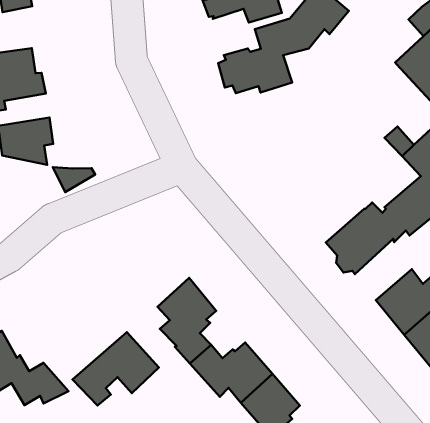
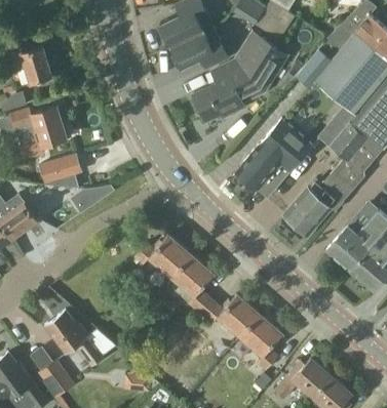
building: none -> [296,48,333,89]
building: none -> [236,120,312,192]
building: none -> [149,235,191,278]
building: [73,332,159,405] -> none

